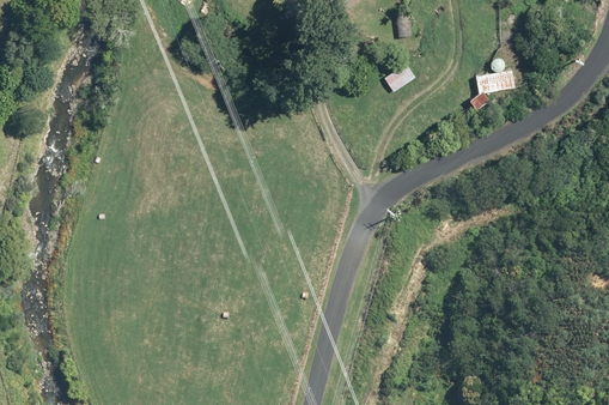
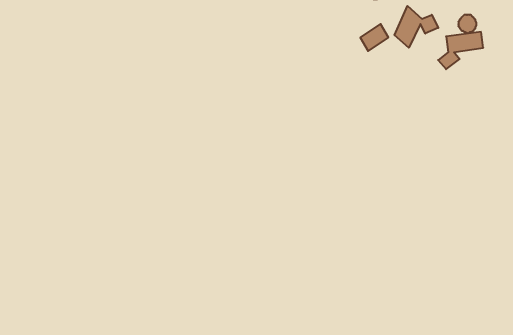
building: none -> [394,6,438,48]

